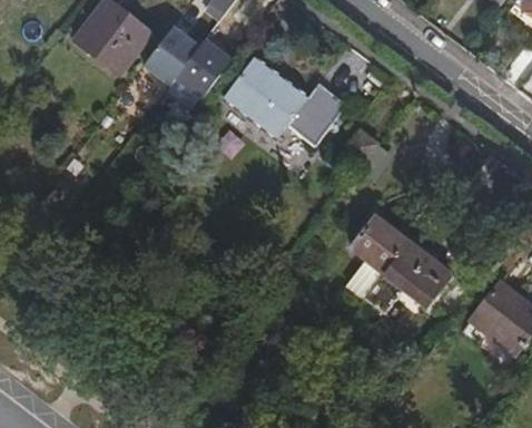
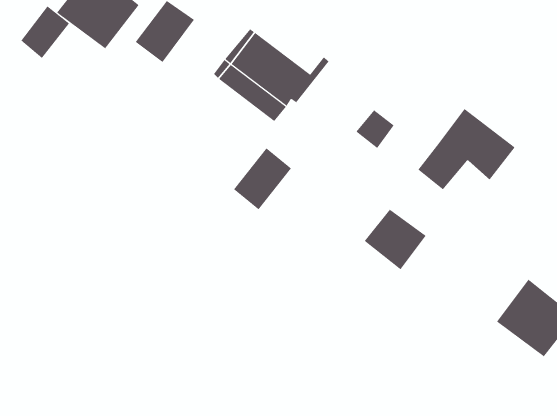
building: none -> [20,5,70,59]
building: [186,38,234,88] -> none
building: [294,86,347,143] -> [233,148,292,210]
building: [370,244,459,319] -> [418,108,516,190]

